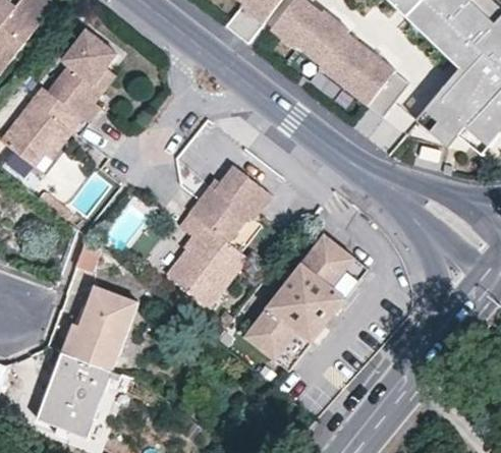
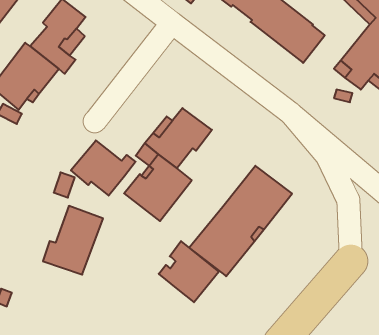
building: none -> [71,140,136,196]
building: none -> [159,241,219,302]
building: [38,351,113,437] -> none

